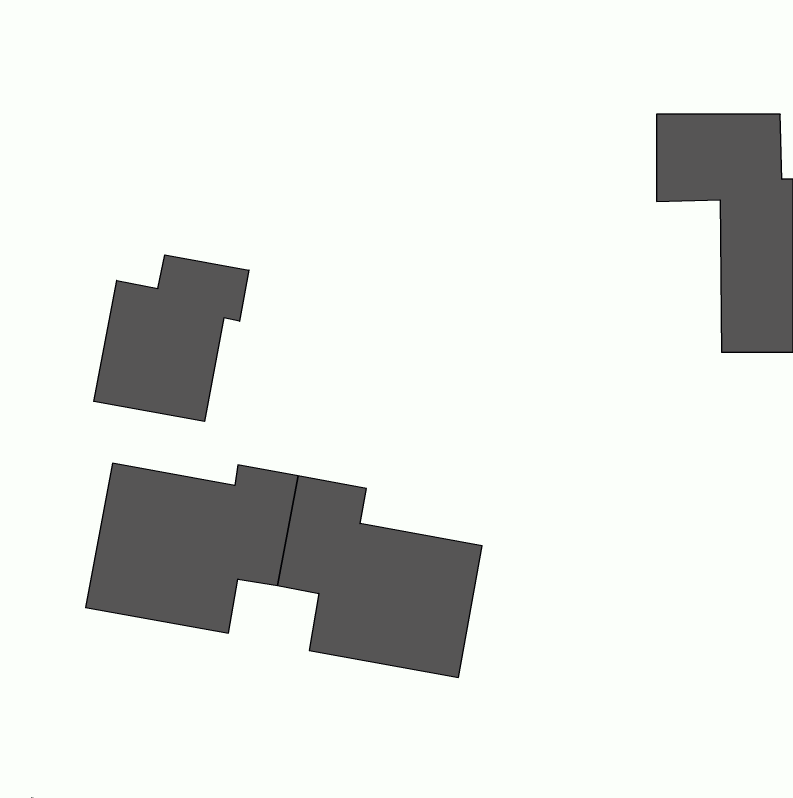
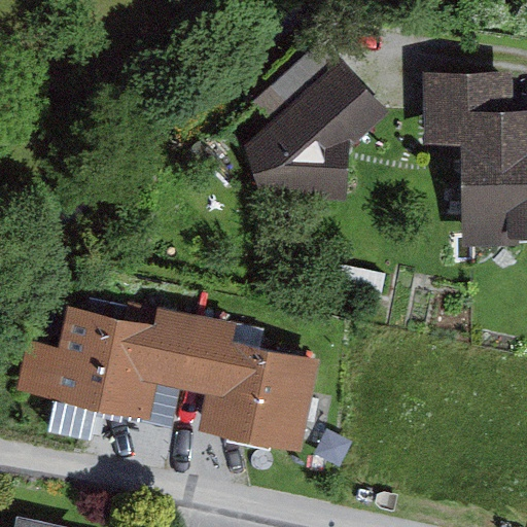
building: none -> [245,65,380,195]
building: [94,255,249,421] -> none

